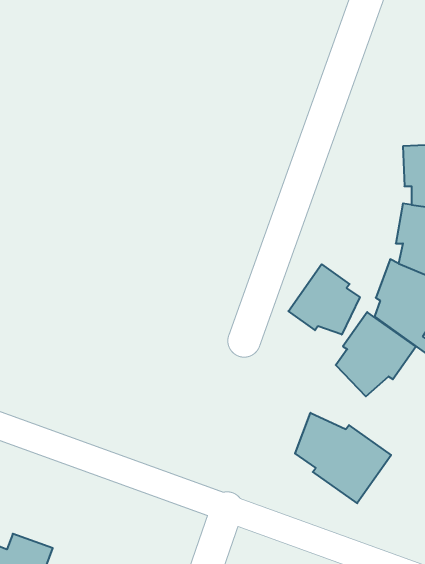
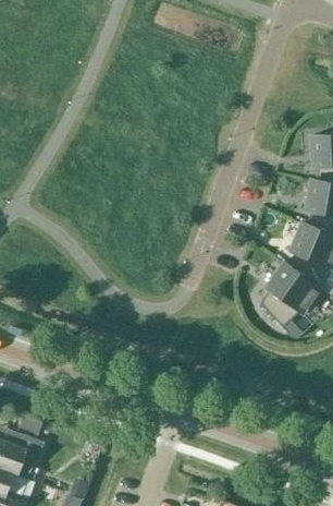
building: [288,264,360,335] -> none
building: [295,413,391,503] -> none

